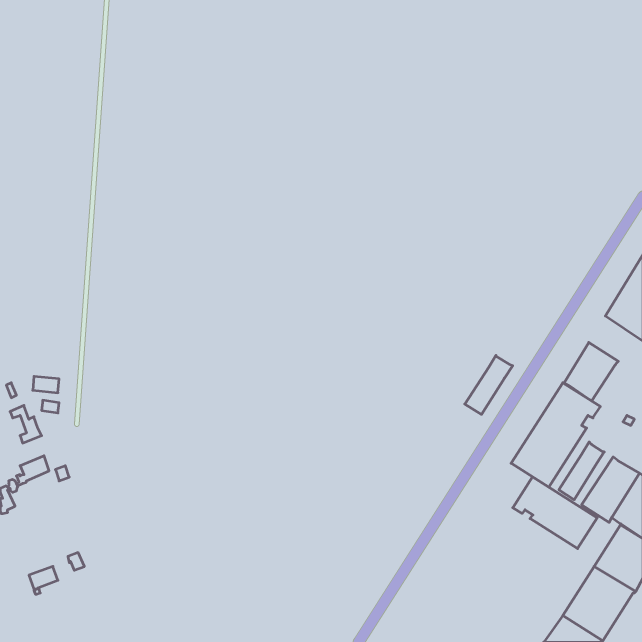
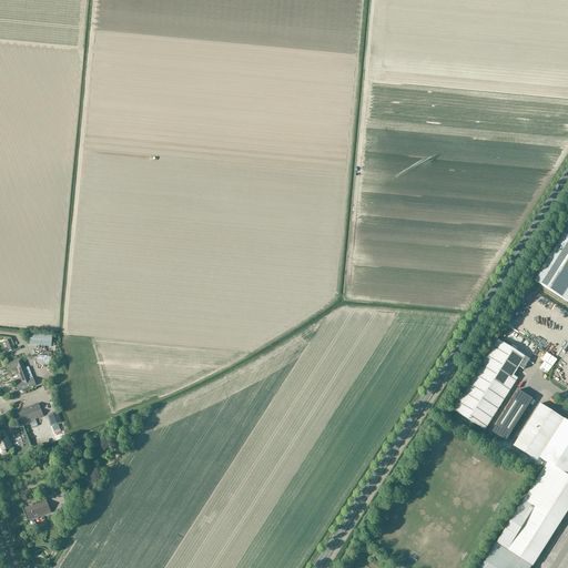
building: [564,342,618,401] -> none
building: [465,355,513,414] -> none
building: [513,477,597,549] -> none

